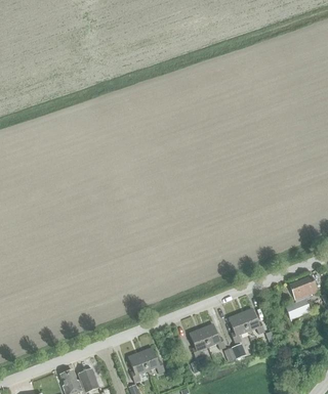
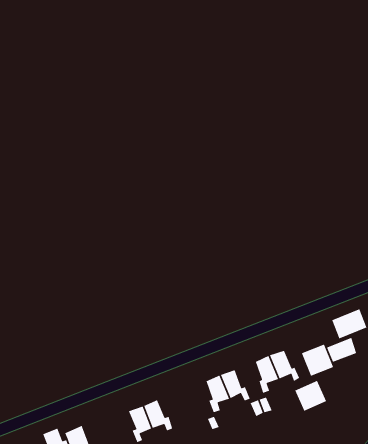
building: none -> [301,344,334,377]
building: none -> [294,380,327,412]

